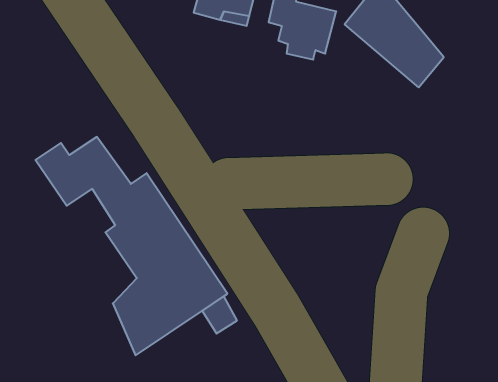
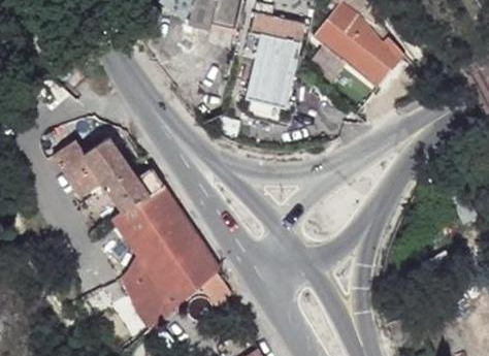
building: none -> [247,52,299,111]

